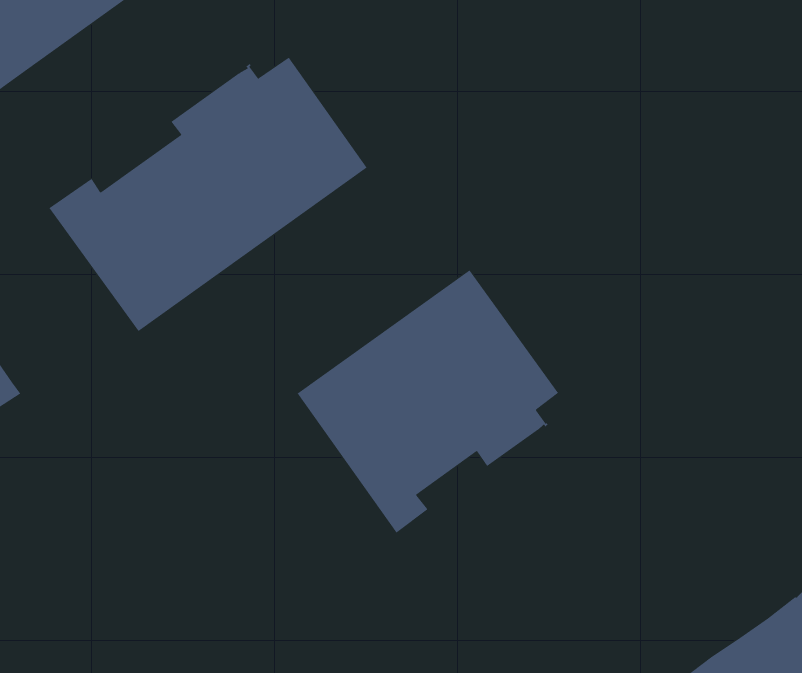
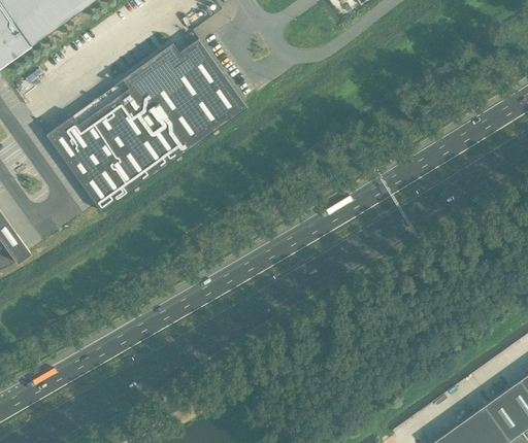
building: [297,269,559,533] -> none

